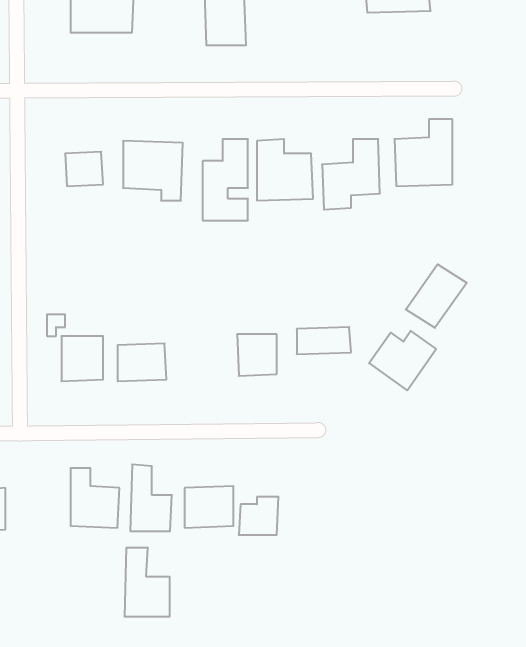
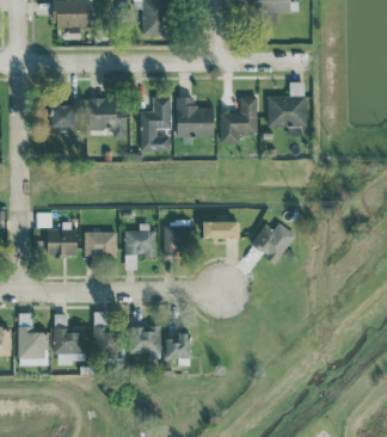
building: [406,264,467,328] -> none
building: none -> [124,223,155,270]
building: [124,548,170,616] -> [18,313,48,358]

